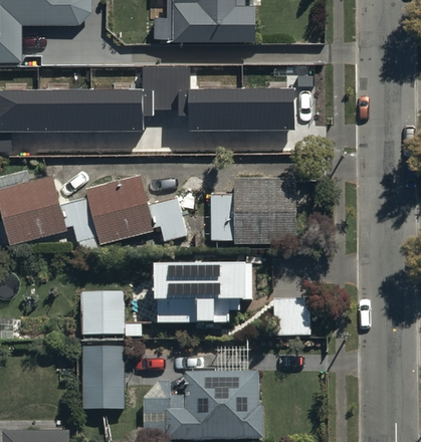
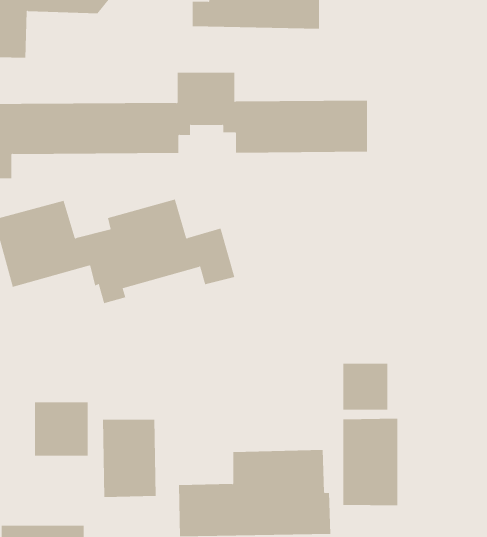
building: [211,175,295,241] -> none
building: [153,265,250,325] -> none
building: [80,291,124,335] -> [34,402,88,456]
building: none -> [343,418,398,506]

